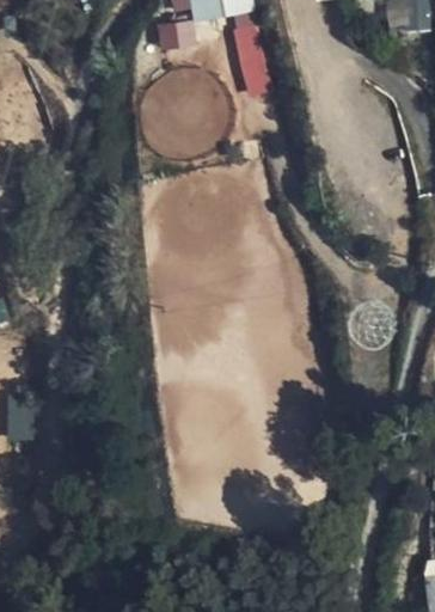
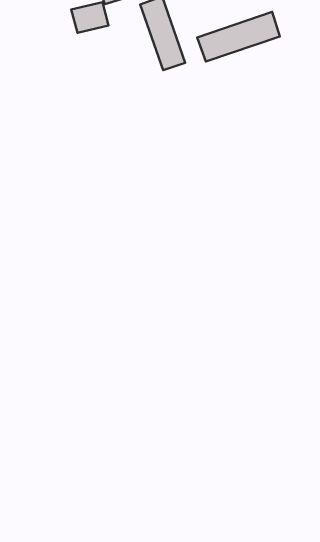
building: none -> [197,12,280,62]

